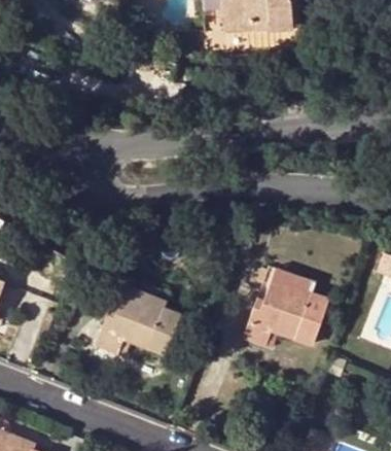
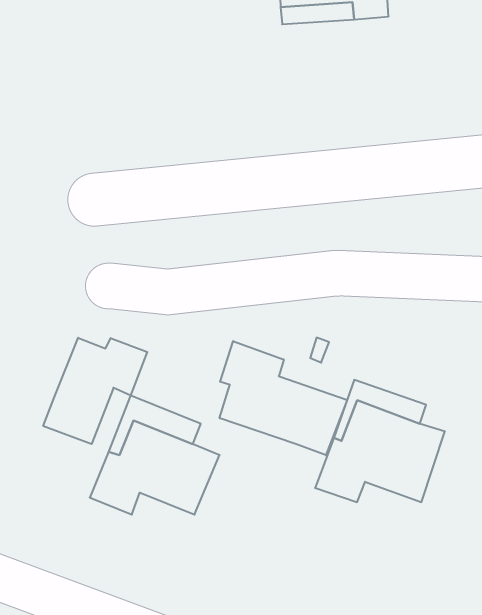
building: none -> [43,338,147,444]
building: none -> [220,341,347,455]

